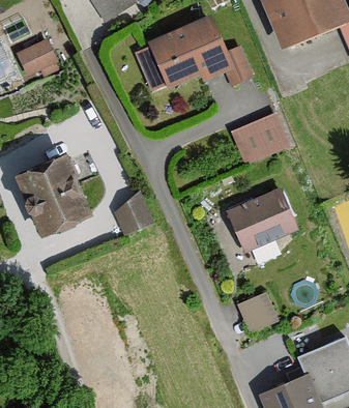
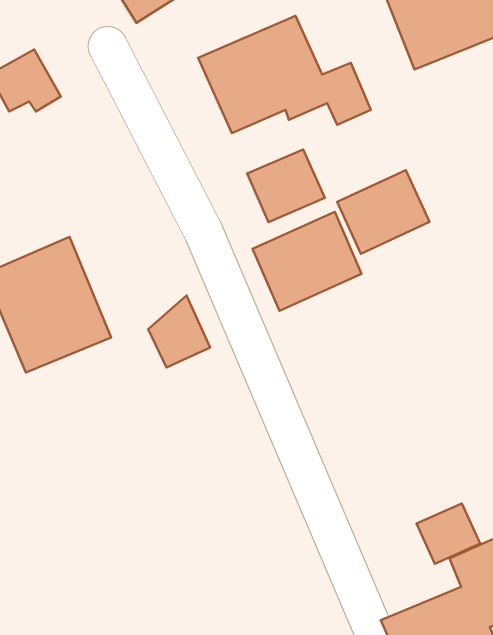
building: none -> [247,149,325,222]
building: [228,188,295,250] -> [253,212,361,311]
building: [238,291,278,328] -> [416,503,480,564]

